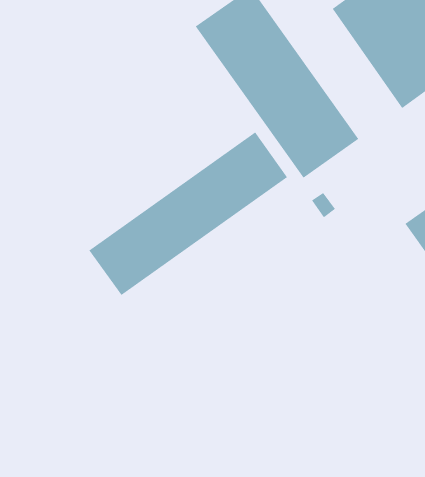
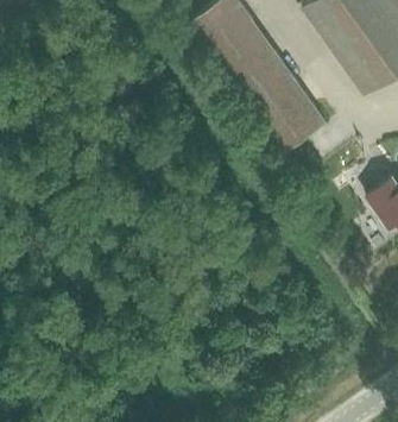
building: [89,132,288,296] -> none

